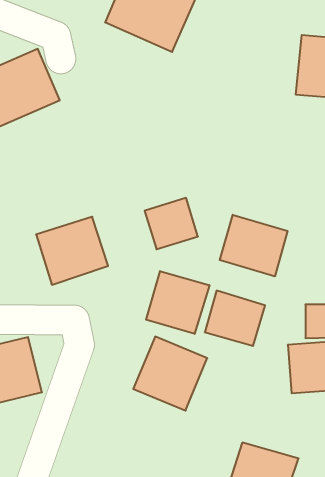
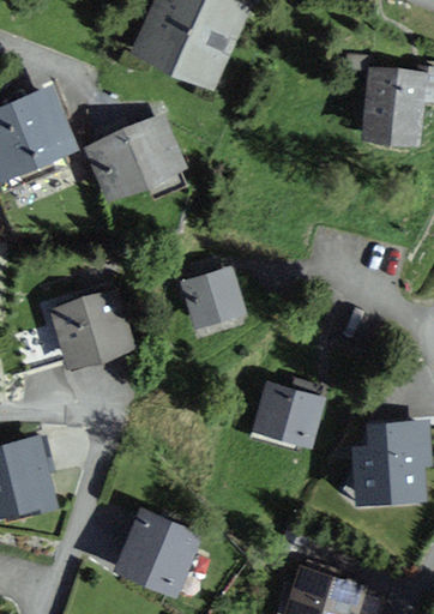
building: none -> [84,116,187,205]
building: [220,215,288,276] -> none
building: [146,271,209,334] -> none
building: [133,337,207,411] -> [114,506,204,596]

